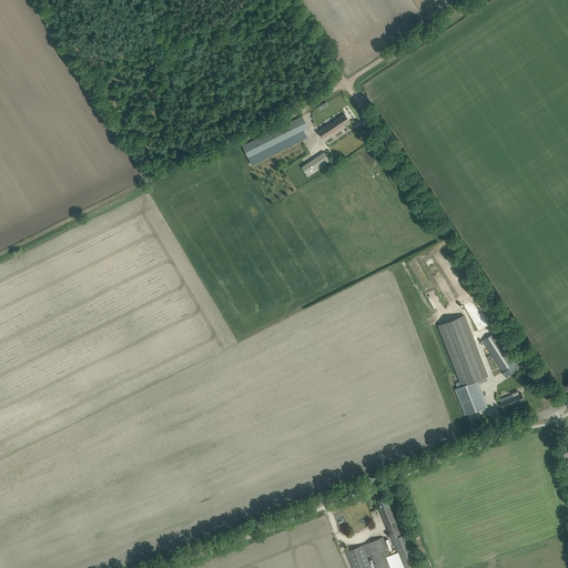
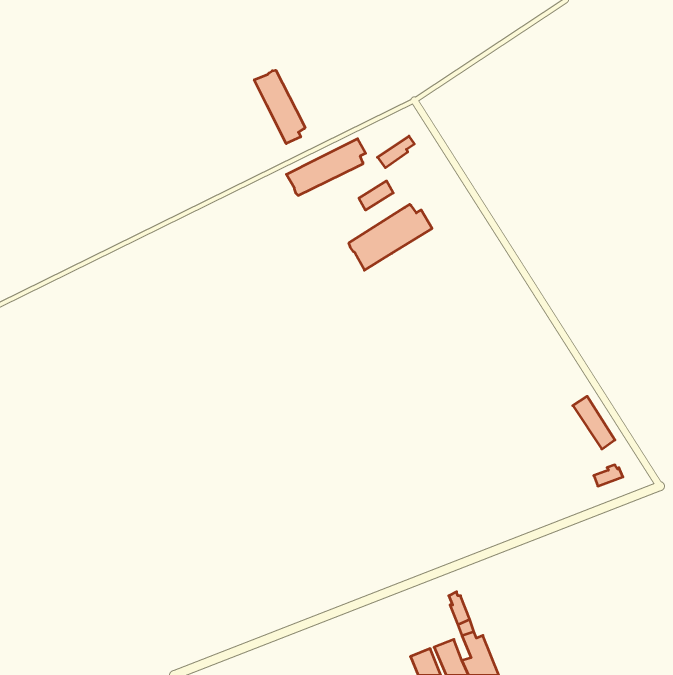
building: none -> [254,70,305,144]
building: none -> [349,204,432,270]
building: [437,315,487,415] -> none

